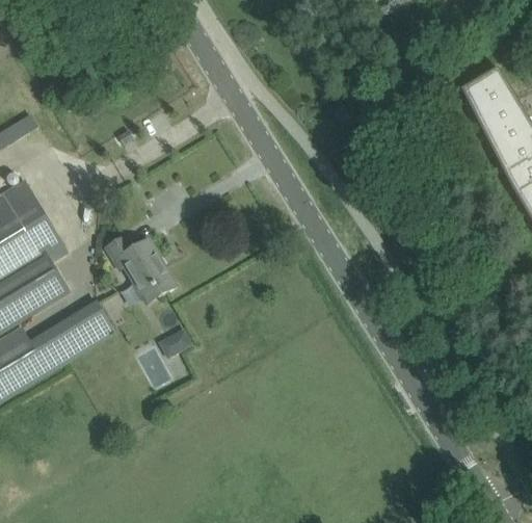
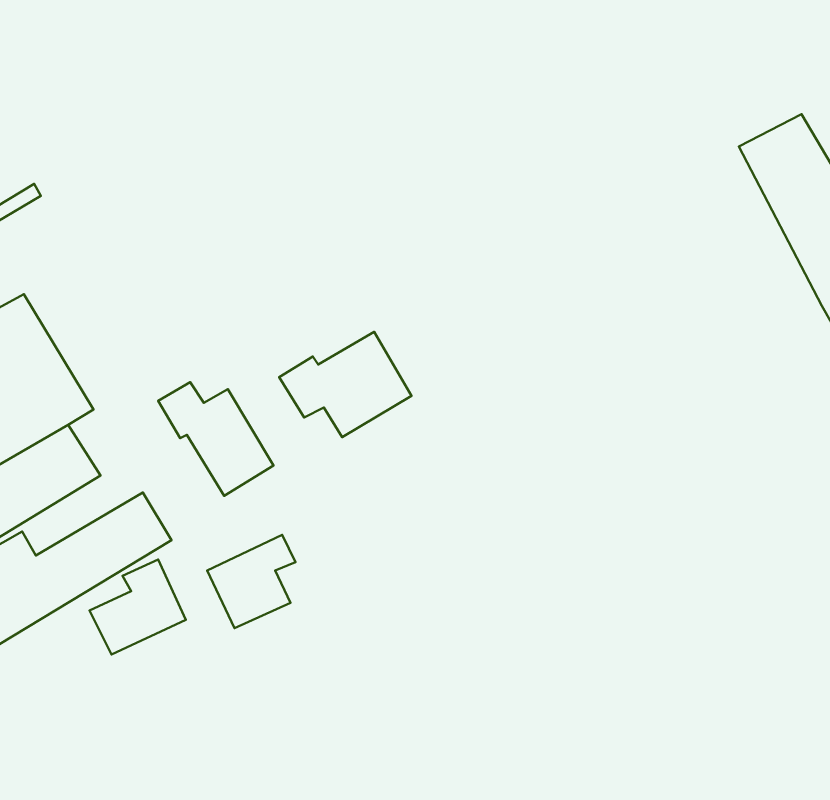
building: none -> [279,332,412,437]
building: none -> [90,560,186,655]

